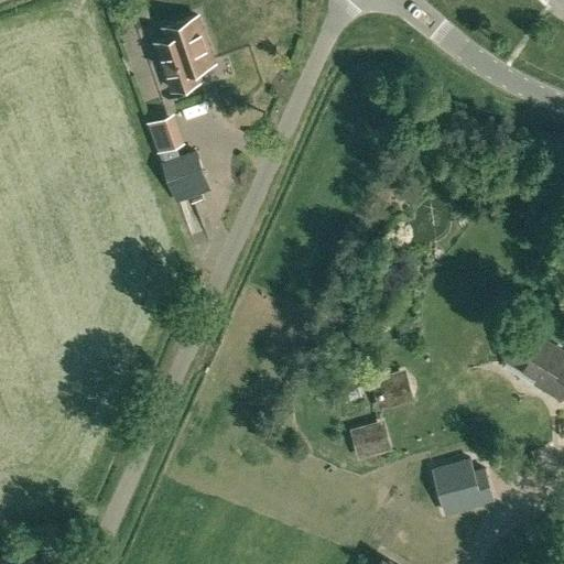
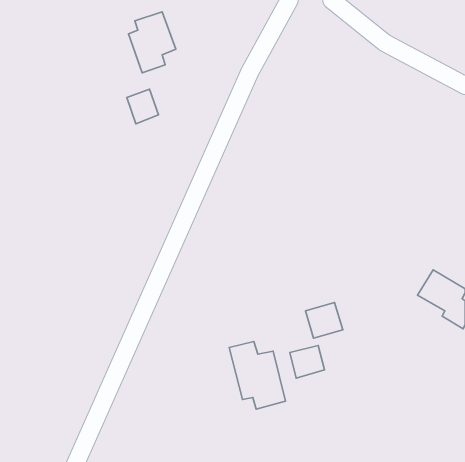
building: [163,154,205,193] -> none
building: none -> [229,341,285,409]
building: [432,462,492,514] -> none

